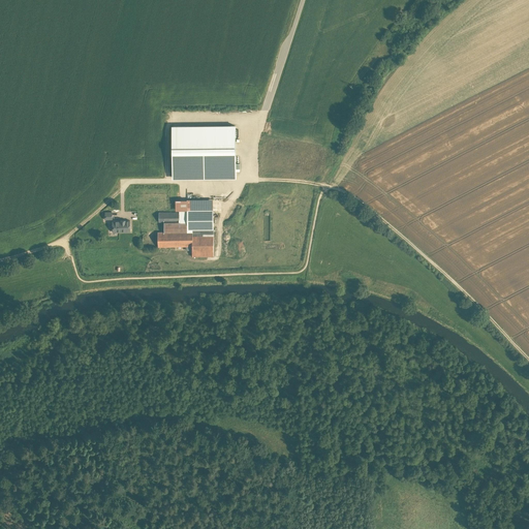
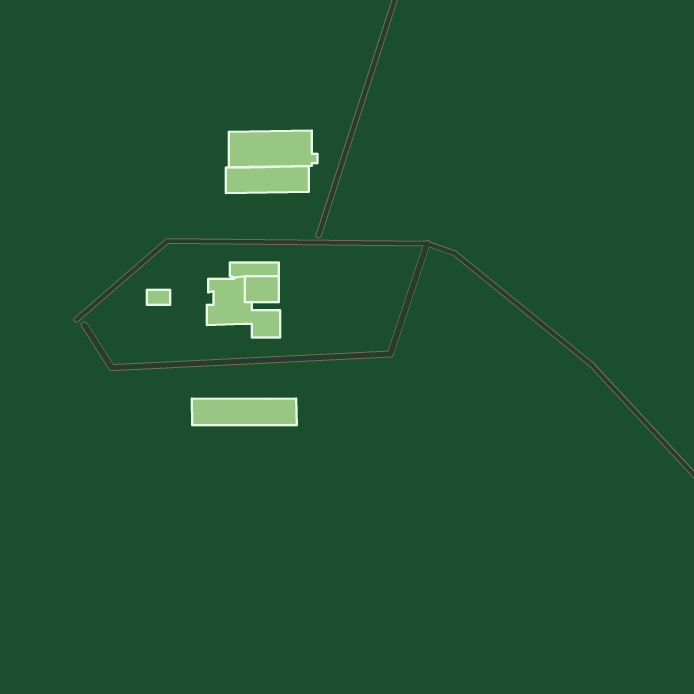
building: [172,147,239,175] -> [229,131,317,167]
building: none -> [192,399,297,425]

